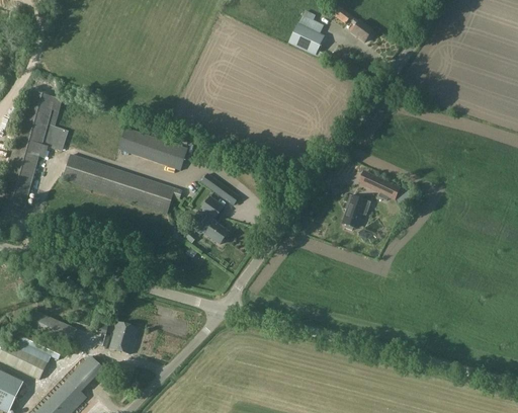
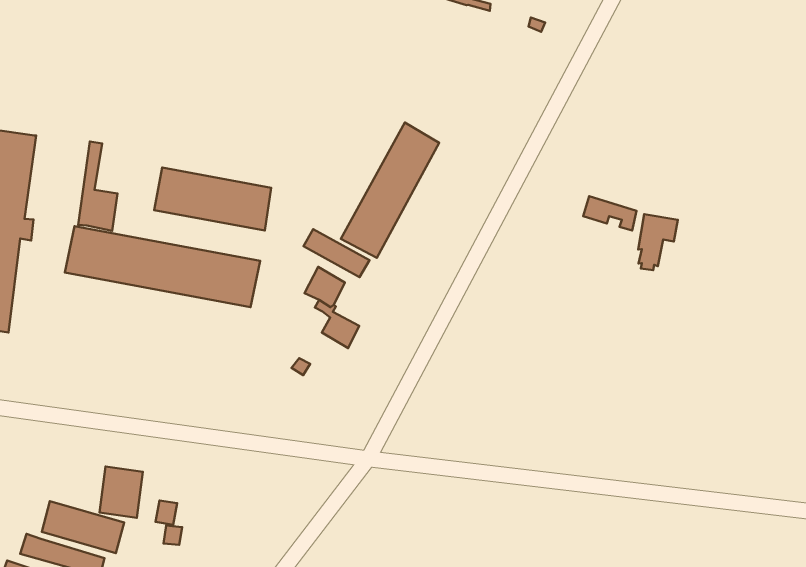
building: [42,97,68,151] -> [78,142,118,231]
building: none -> [341,122,439,258]
building: [344,195,370,229] -> [638,214,678,270]
building: [109,321,138,353] -> [99,466,143,518]

